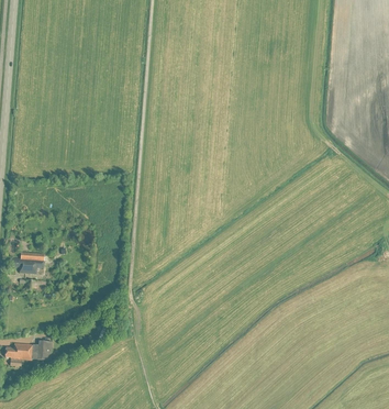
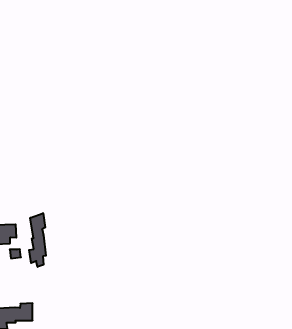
building: none -> [29,213,46,267]

